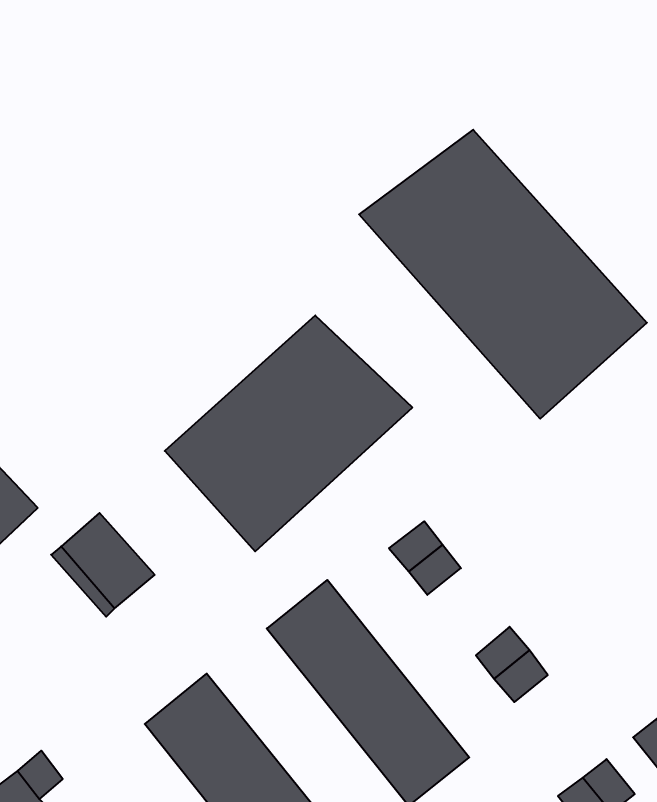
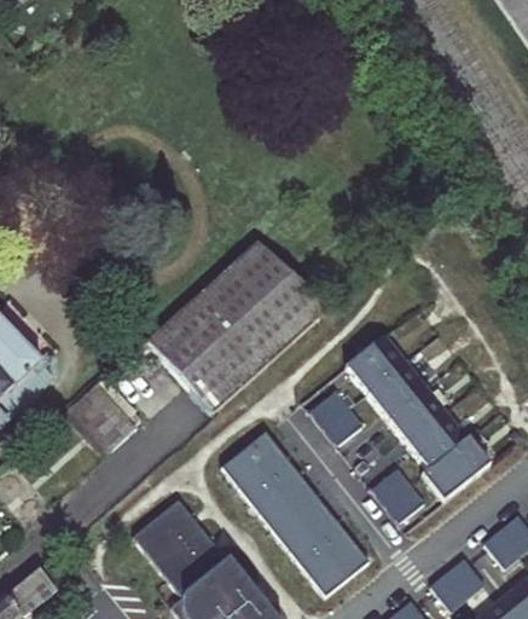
building: [359,130,647,419] -> none
building: none -> [344,331,489,498]

